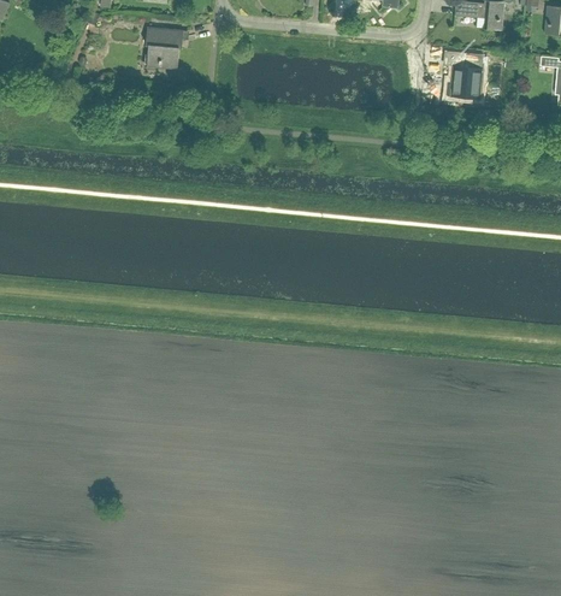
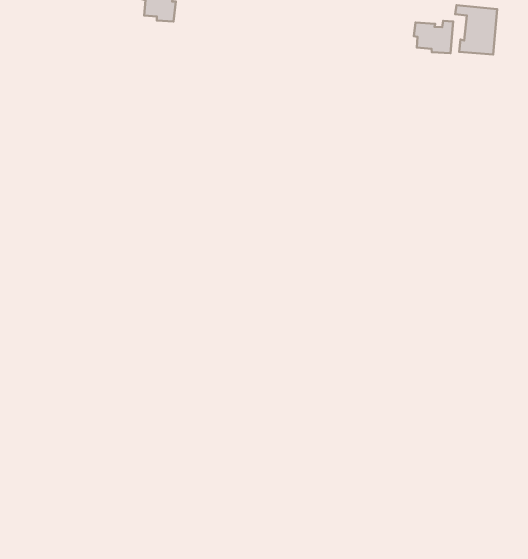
building: none -> [414,21,453,53]

